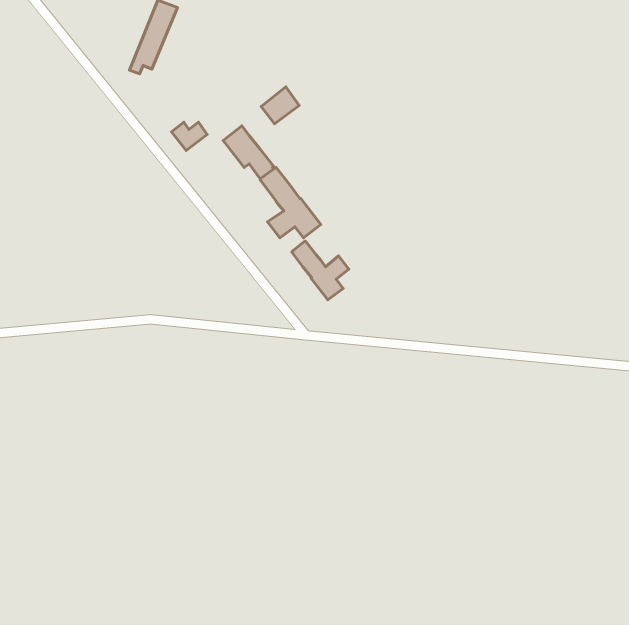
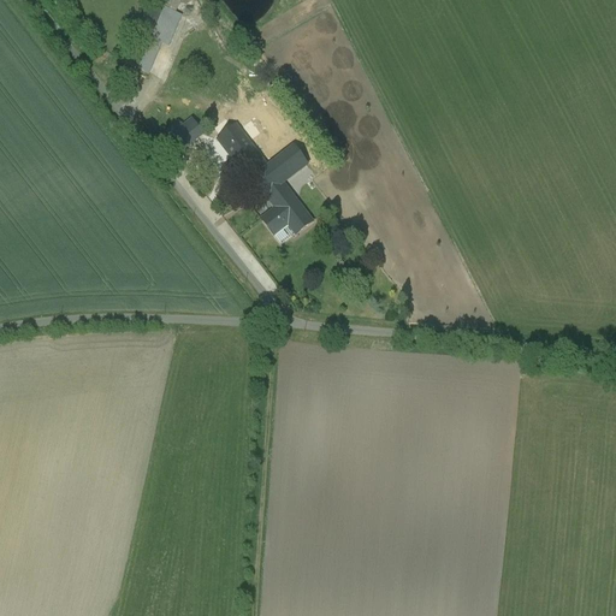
building: [261,87,299,124] -> [271,144,308,180]
building: [292,241,349,300] -> none

